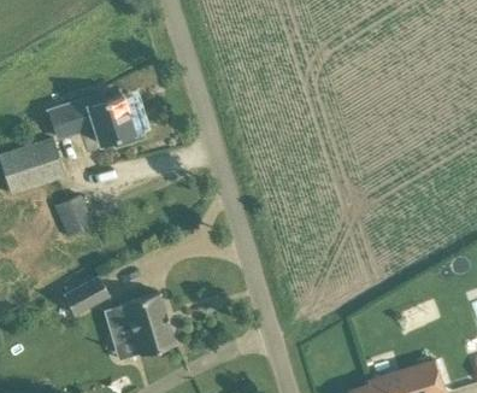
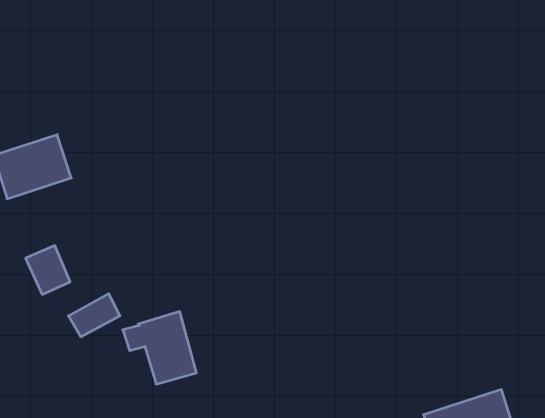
building: [48,94,142,146] -> none
building: [54,195,93,237] -> [26,246,70,294]

